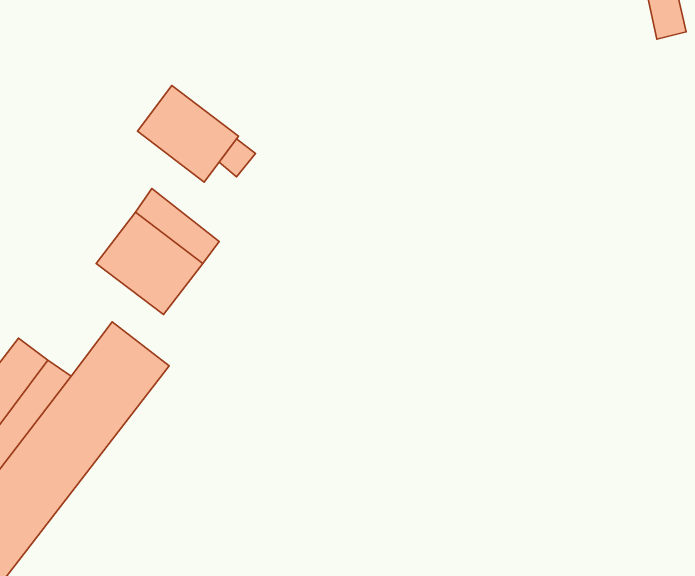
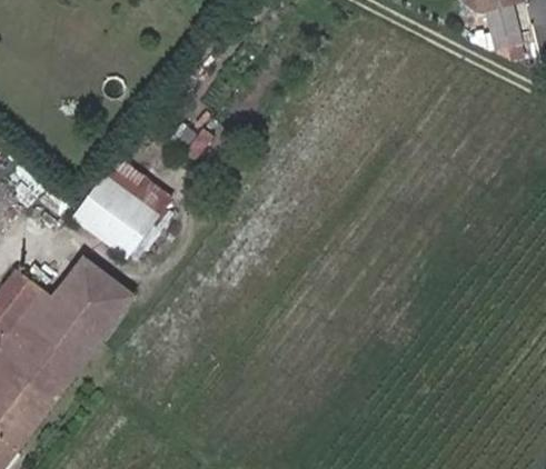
building: [138,86,239,182] -> none

